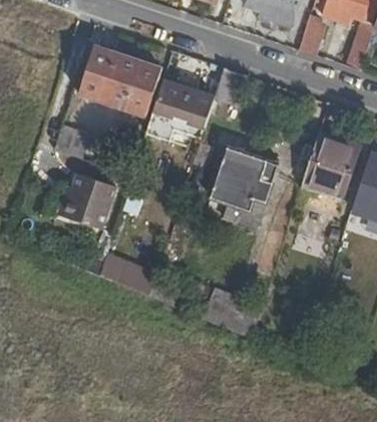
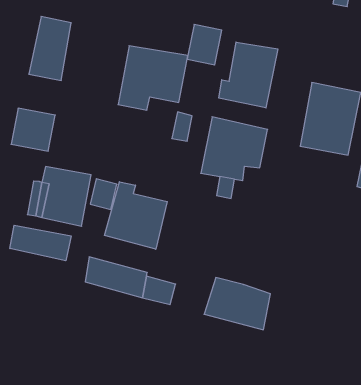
building: [103,53,161,116] -> none
building: none -> [219,42,278,108]
building: none -> [104,182,167,249]
building: none -> [10,225,71,261]

